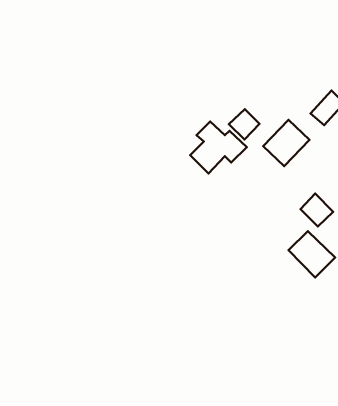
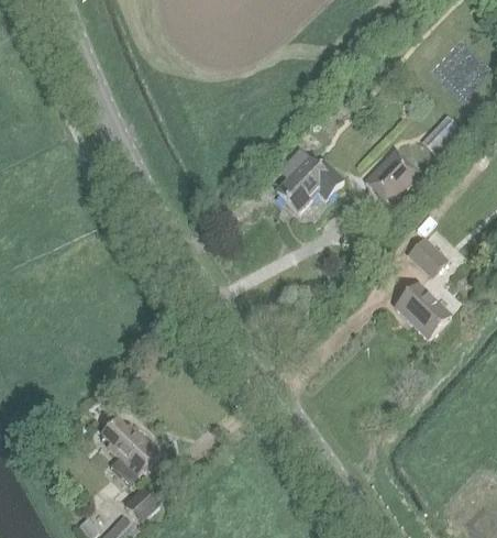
building: [229,109,259,140] -> none
building: none -> [101,418,159,484]

